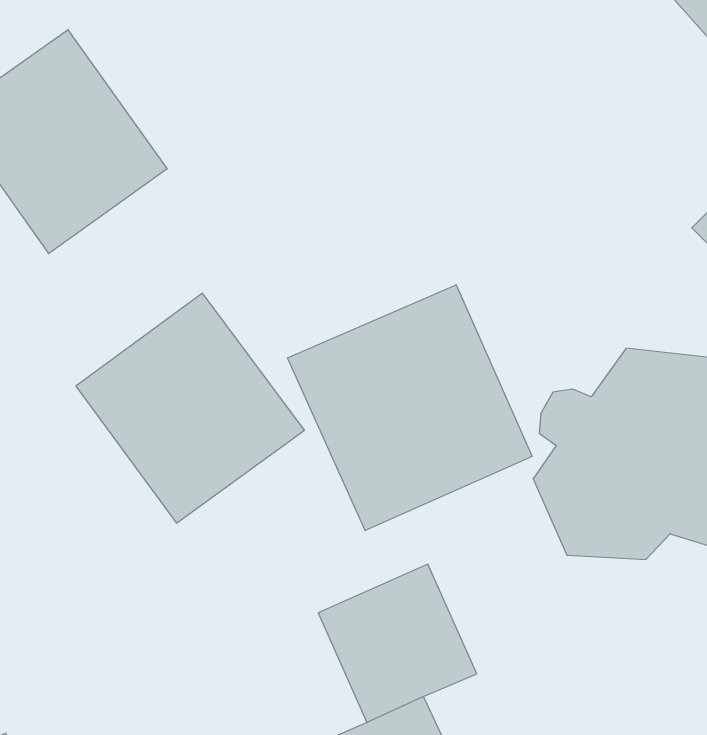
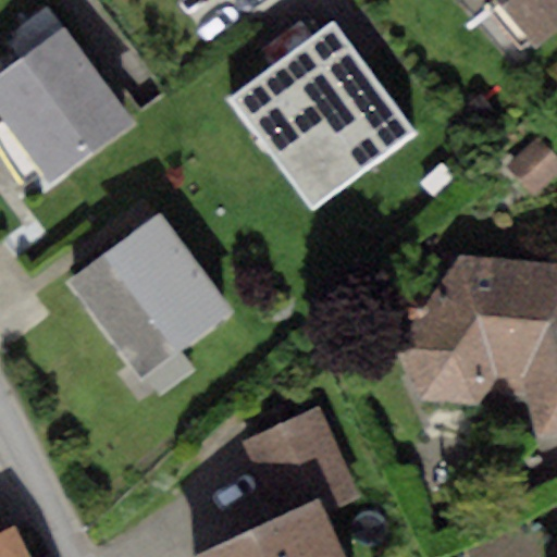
building: none -> [233,25,416,209]
building: [287,285,532,531] -> none

